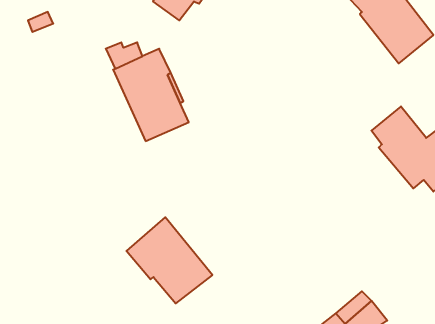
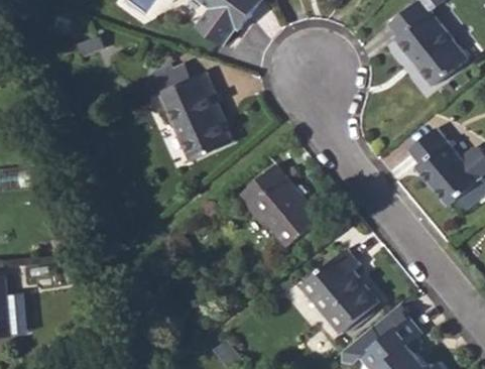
building: [126,217,212,303] -> [238,164,321,247]
building: none -> [300,249,377,332]

